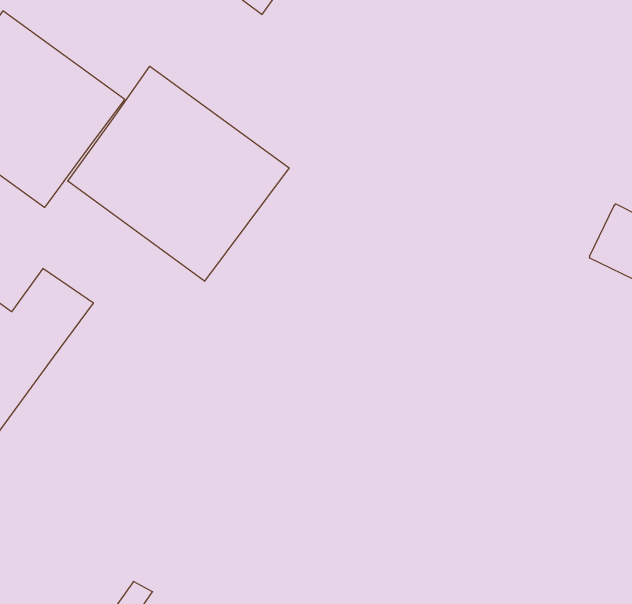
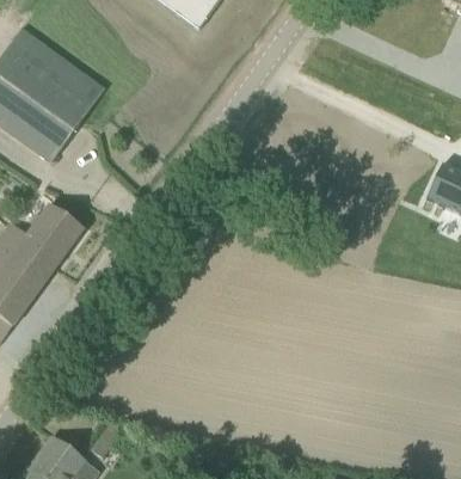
building: [68,66,289,281] -> none

